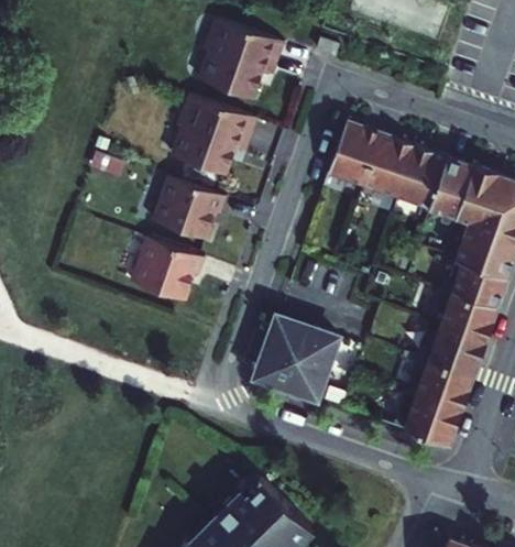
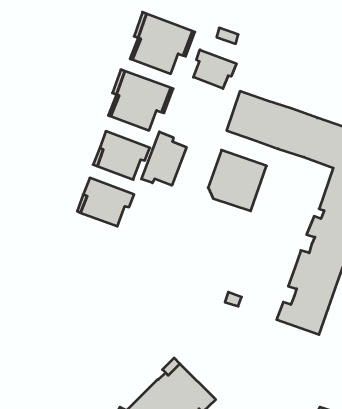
building: none -> [193,50,236,89]
building: none -> [141,132,186,185]
building: [261,318,338,398] -> [208,150,267,211]

